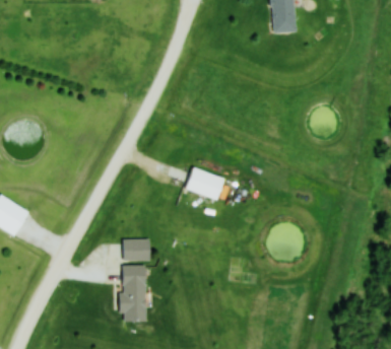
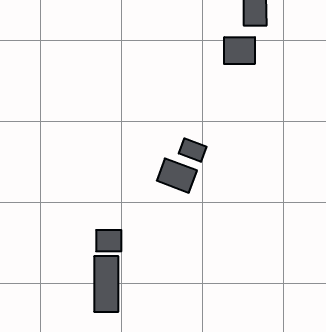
building: none -> [224,37,255,64]
building: none -> [179,138,207,162]

